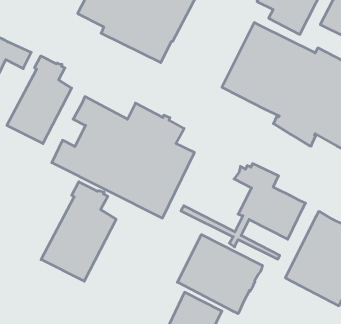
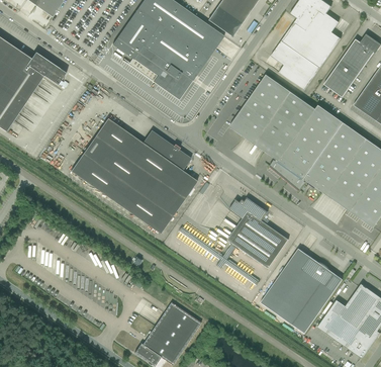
building: [7,56,72,144] -> none
building: [41,182,116,281] -> none
building: [177,235,262,314] -> none

